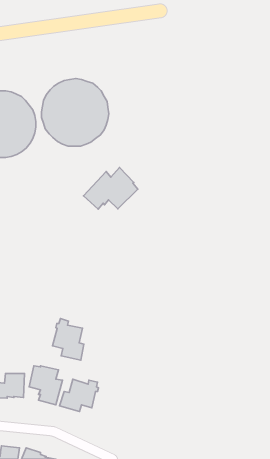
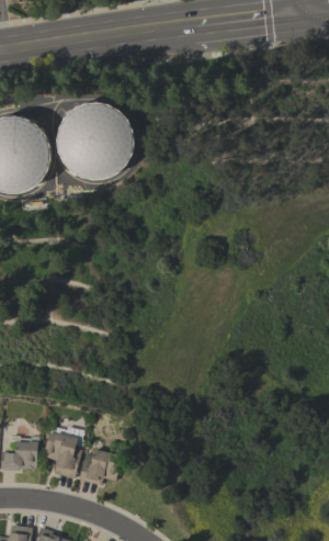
building: [83,168,138,209] -> none
building: [53,319,84,360] -> none

